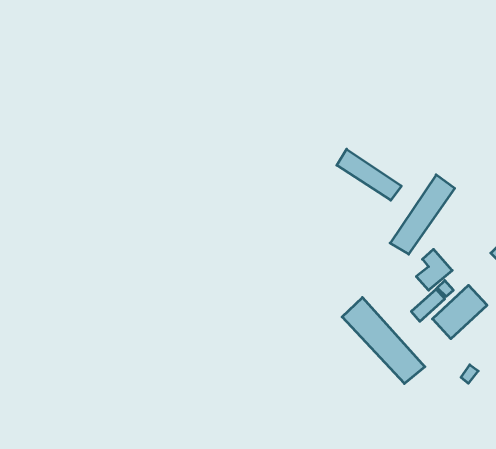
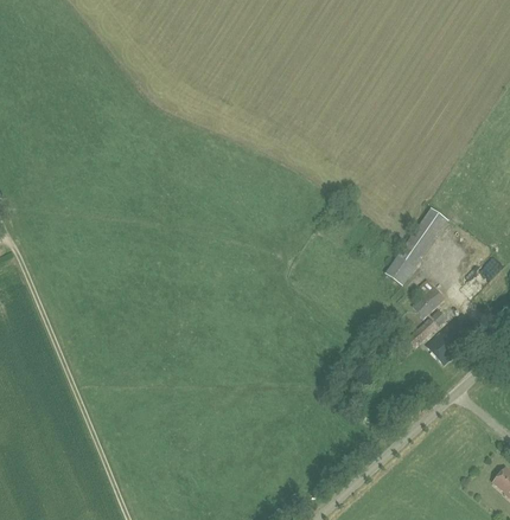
building: [337,149,401,200] -> none
building: [342,297,425,384] -> none

